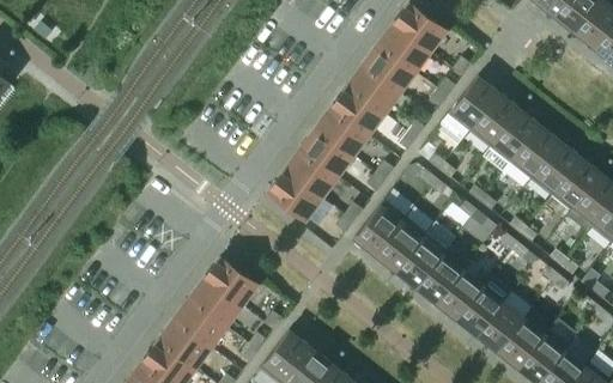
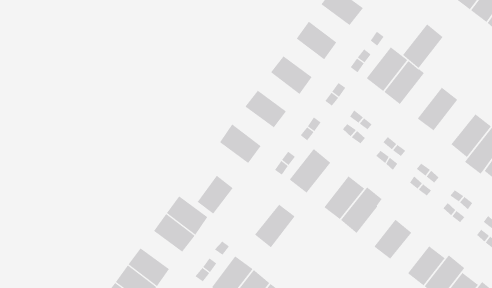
building: [377,25,427,72] -> none
building: [346,67,396,114] -> none
building: [315,108,366,156] -> none
building: [488,109,539,164] -> [402,23,444,69]
building: [529,141,579,195] -> none
building: [284,150,335,197] -> none
building: [375,218,425,272] -> [254,204,296,248]
building: none -> [197,175,234,214]
building: [436,270,482,320] -> none
building: [172,300,224,347] -> none
building: [477,303,523,352] -> none

